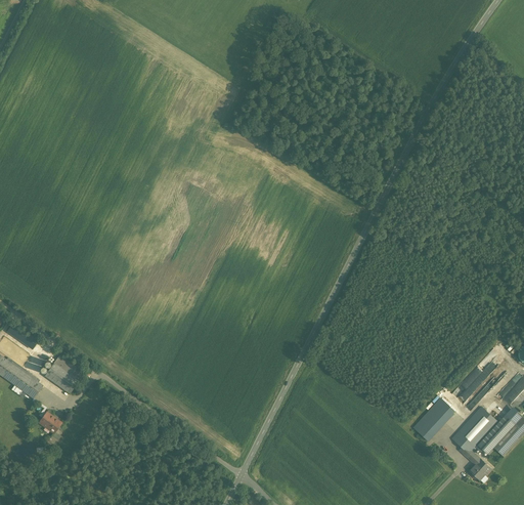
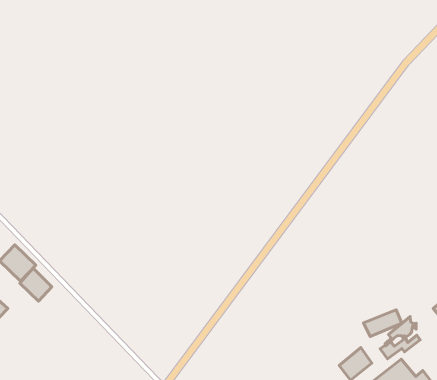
building: none -> [363,310,402,336]
building: none -> [20,268,52,301]

